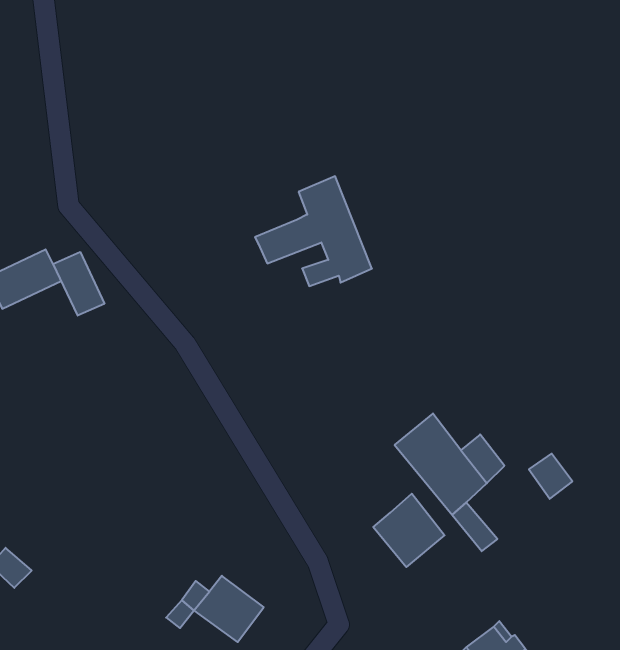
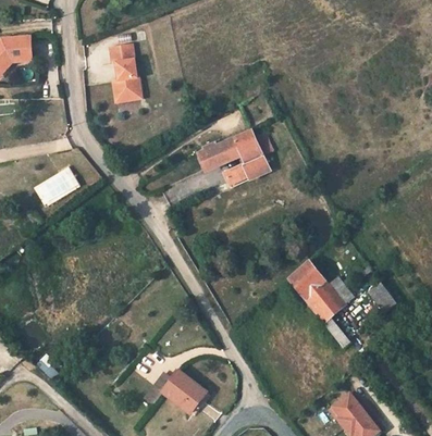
building: none -> [110,43,141,101]
building: [53,252,104,316] -> none
building: [373,494,445,567] -> none

